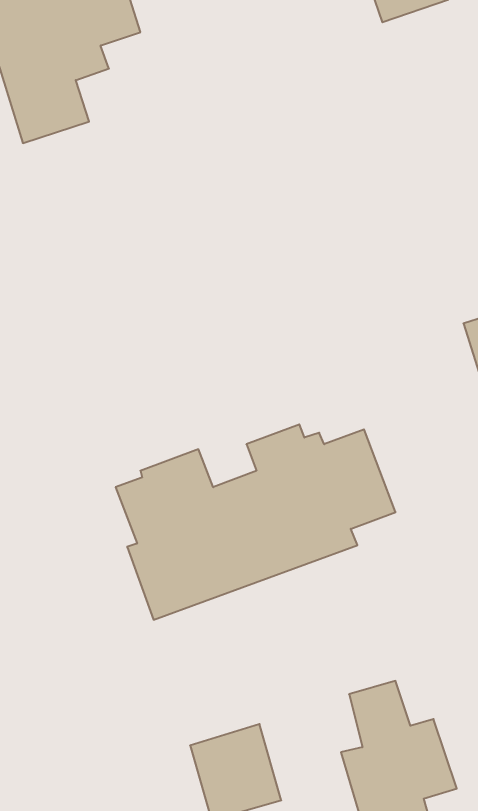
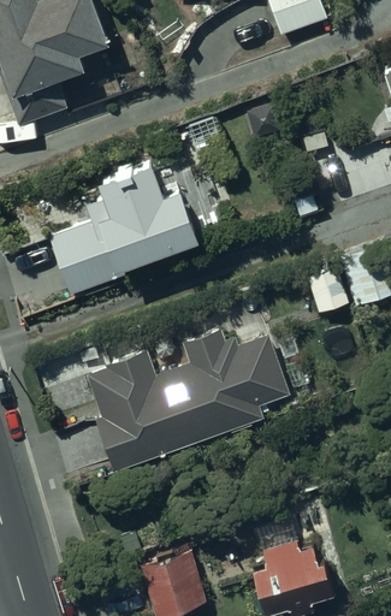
building: none -> [48,155,200,296]

